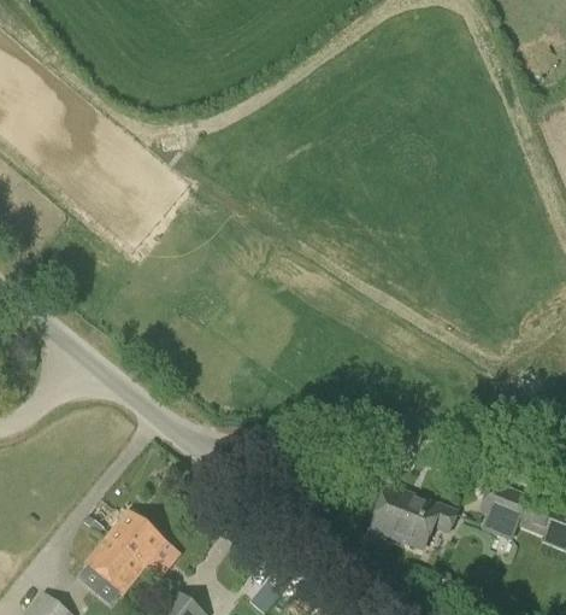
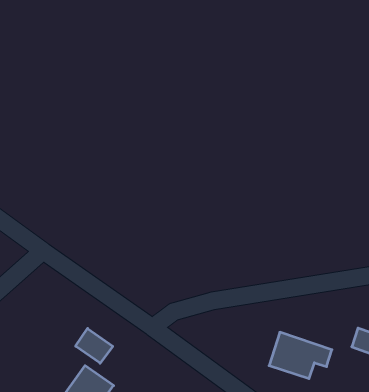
building: none -> [76,328,113,363]

